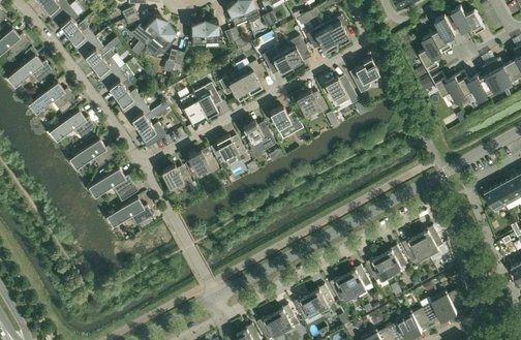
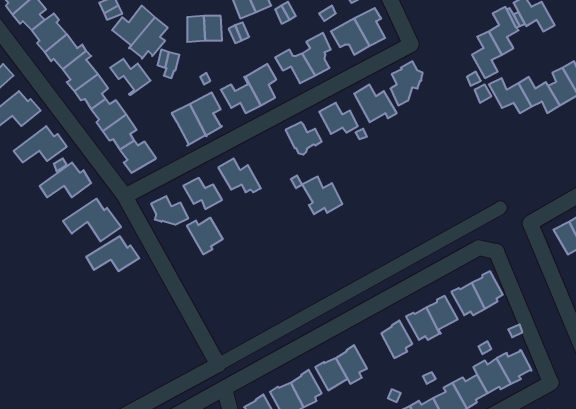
building: none -> [110,59,151,95]
building: [243,121,275,151] -> [302,177,342,214]
building: none -> [187,218,223,254]
building: [330,275,357,300] -> none

